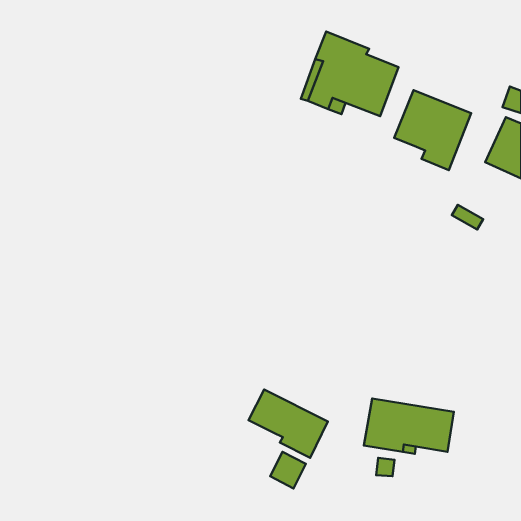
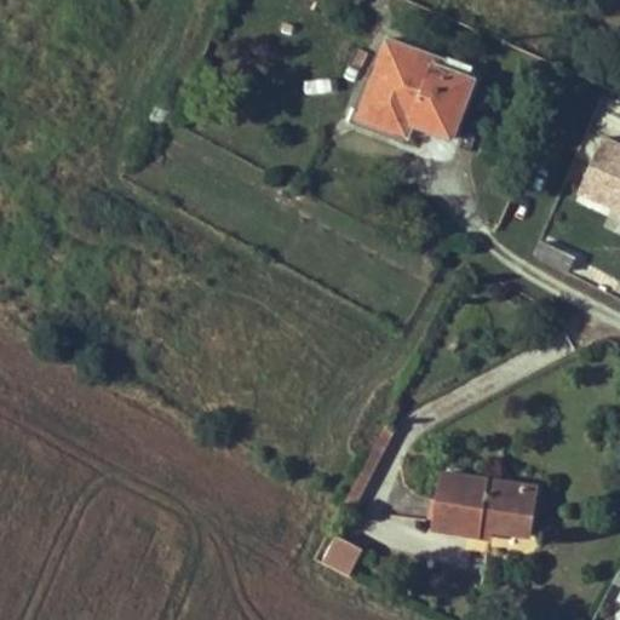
building: [394,90,471,170] -> none
building: [249,390,328,458] -> none

